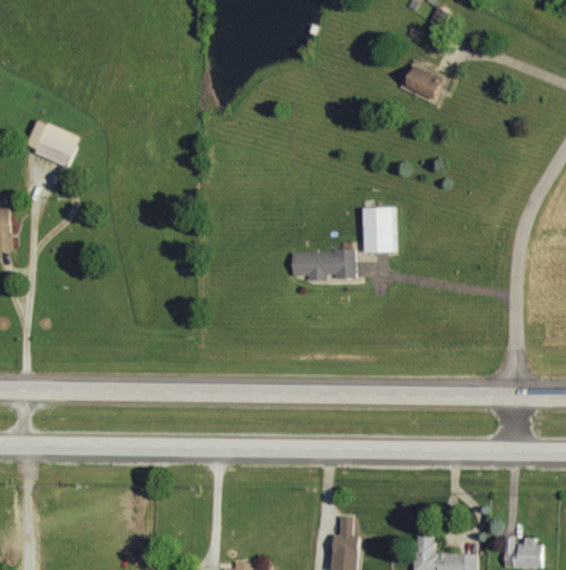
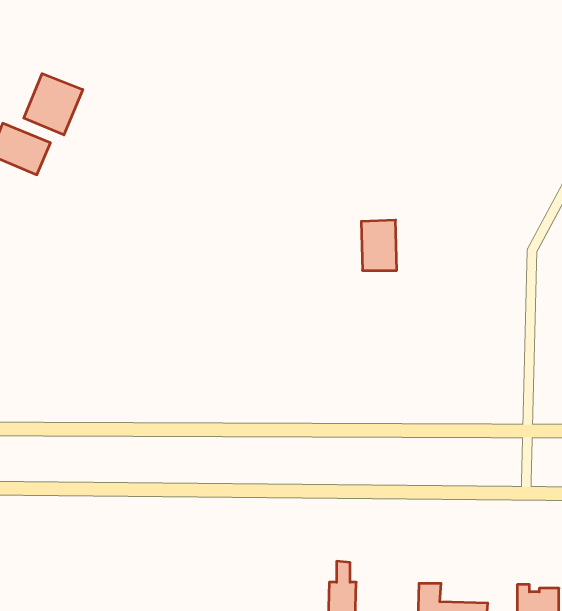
building: [403,66,446,98] -> none
building: none -> [24,74,83,135]
building: [292,250,357,281] -> none

